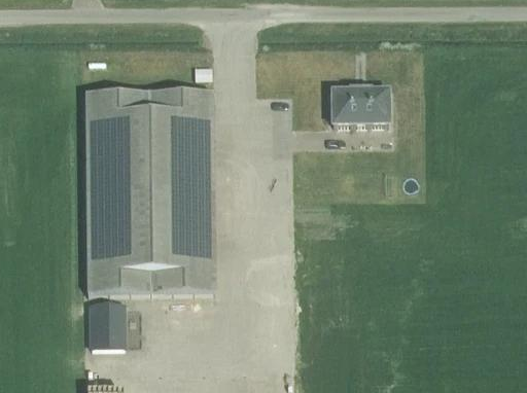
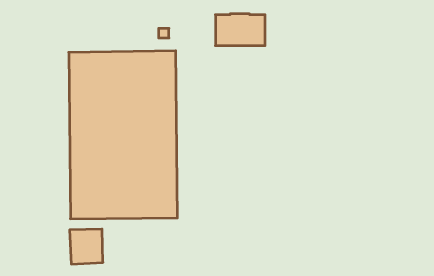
building: [329,86,389,124] -> [215,14,265,46]

